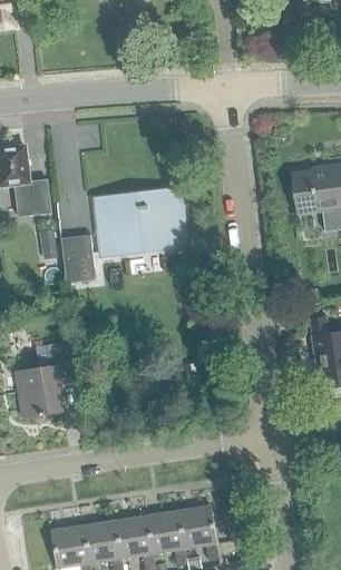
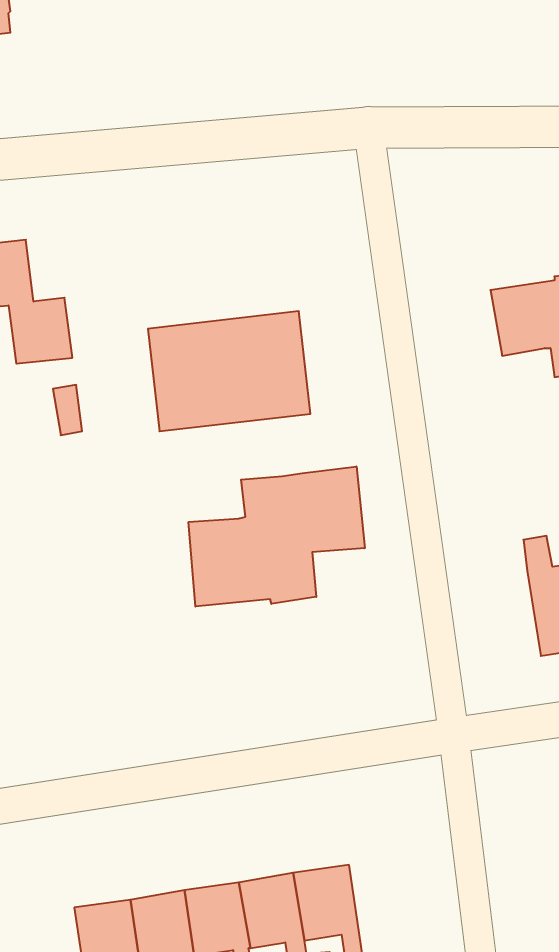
building: [60,235,95,282] -> none
building: none -> [189,466,365,607]
building: [19,341,72,419] -> none

